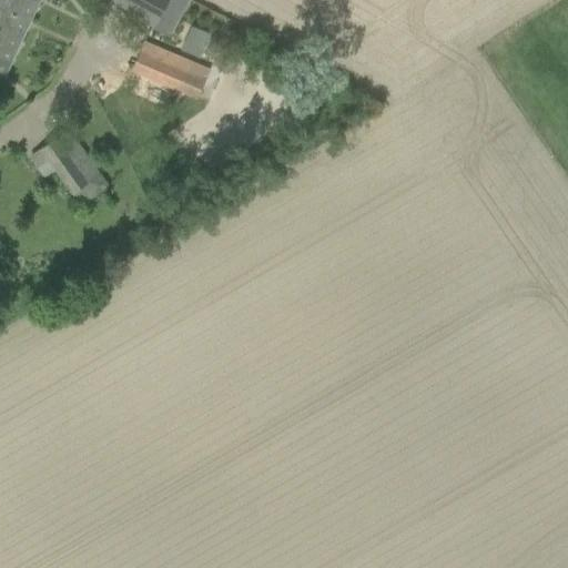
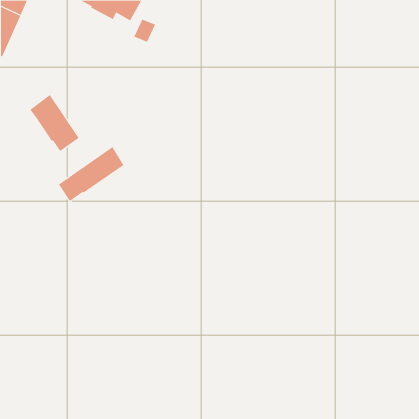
building: [131,41,207,99] -> none
building: none -> [58,146,124,202]

